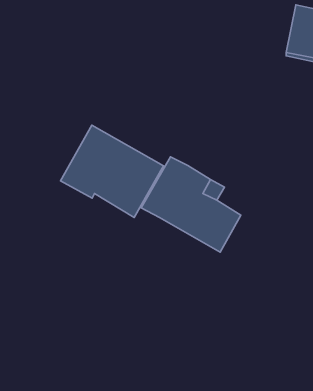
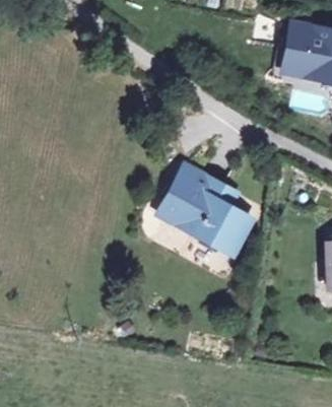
building: [61,125,164,218] -> none

